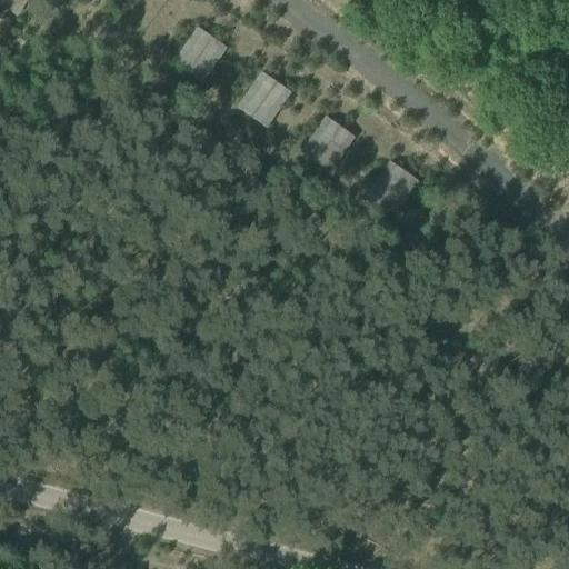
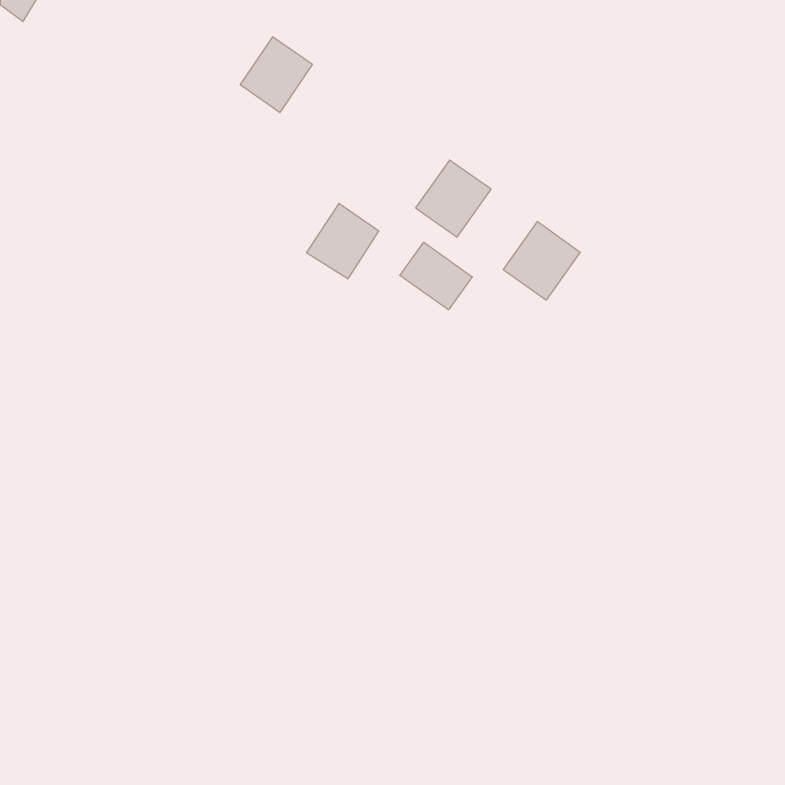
building: [238,71,290,126] -> [307,203,379,279]
building: none -> [400,242,472,310]

